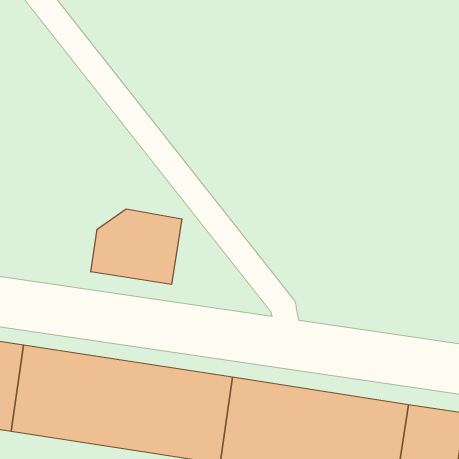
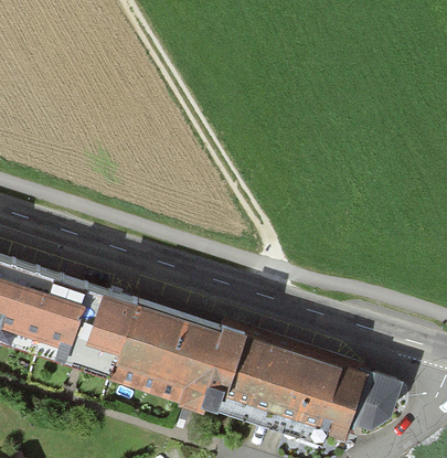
building: [91,209,182,284] -> none

